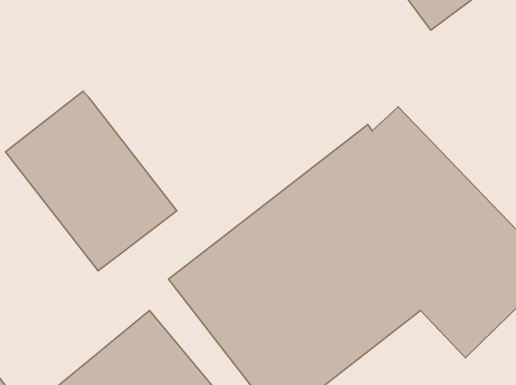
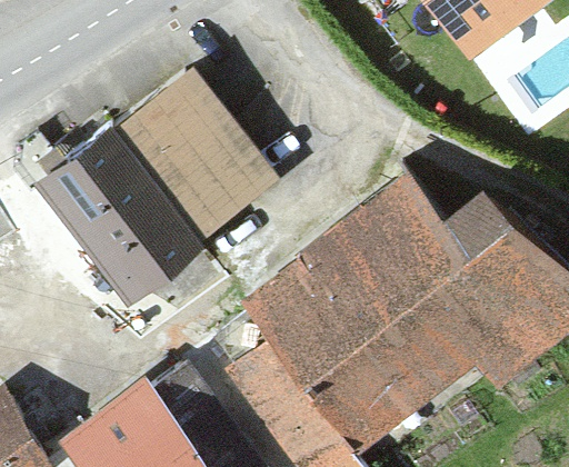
building: none -> [112,72,279,248]

